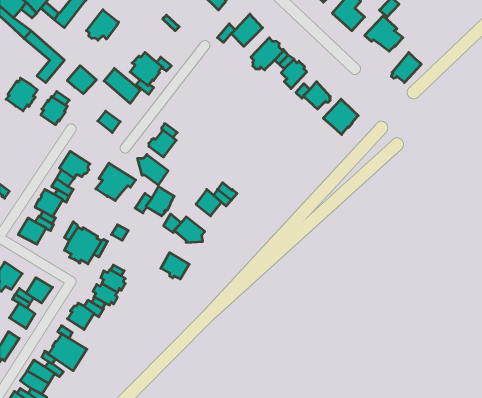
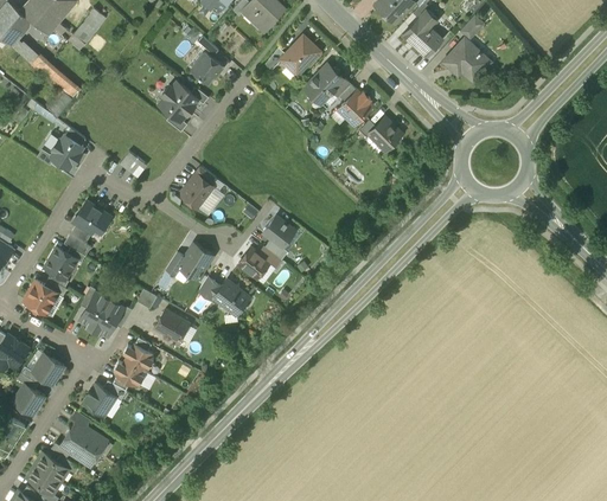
building: [86,10,119,40] -> none
building: none -> [192,53,223,85]
building: [392,52,421,83] -> none
building: [67,66,96,94] -> none
building: [104,68,140,103] -> none
building: [6,78,37,111] -> none
building: [323,99,358,135] -> none
building: [138,154,168,185] -> none
building: [96,163,136,201] -> none
building: none -> [263,217,295,249]
building: [161,253,189,279] -> [154,310,189,342]

